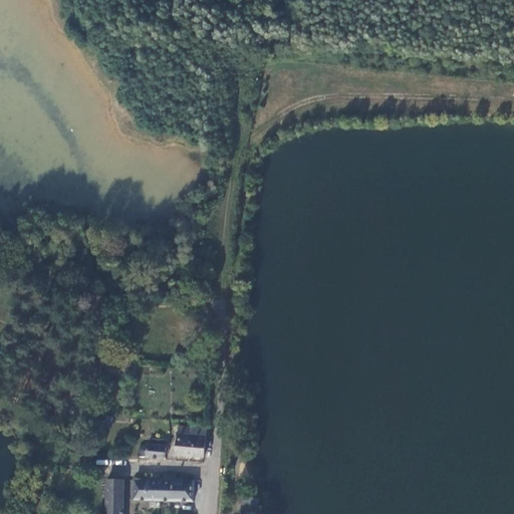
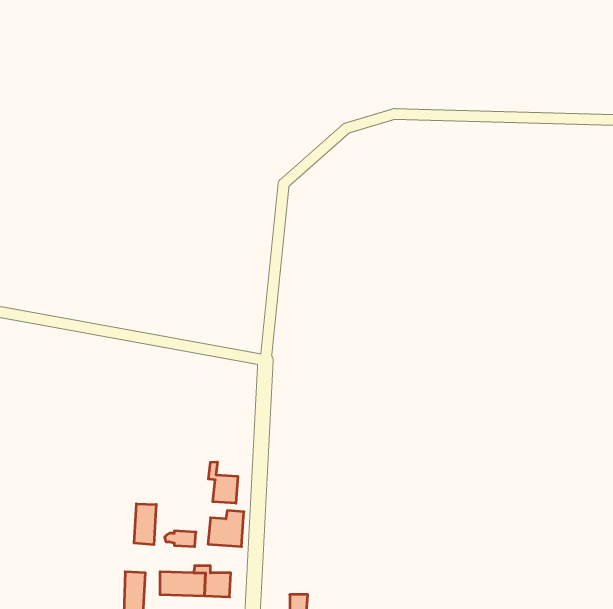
building: none -> [208,462,238,503]
building: none -> [134,504,156,545]

